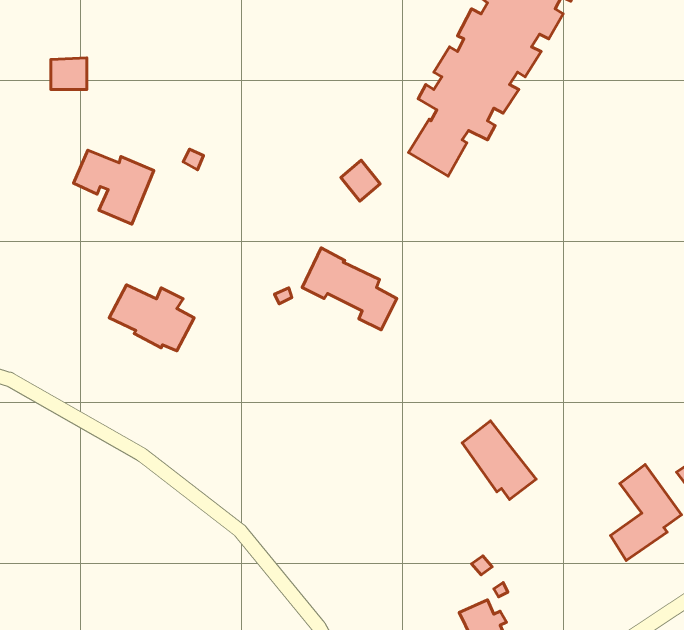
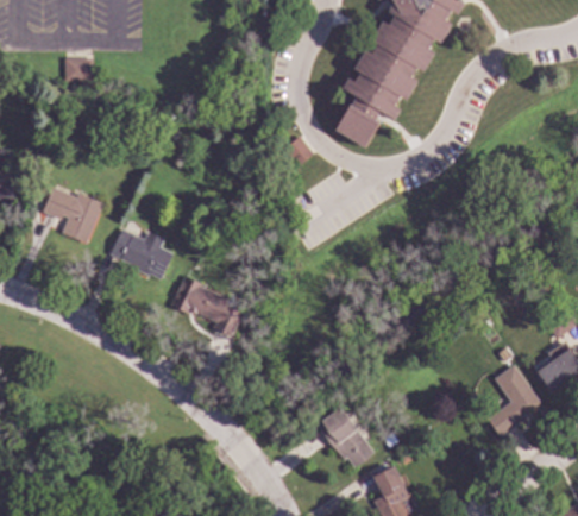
building: [74,150,154,224] -> [43,187,103,243]
building: [302,248,397,330] -> [171,275,243,336]
building: [462,421,536,500] -> [318,407,373,466]

